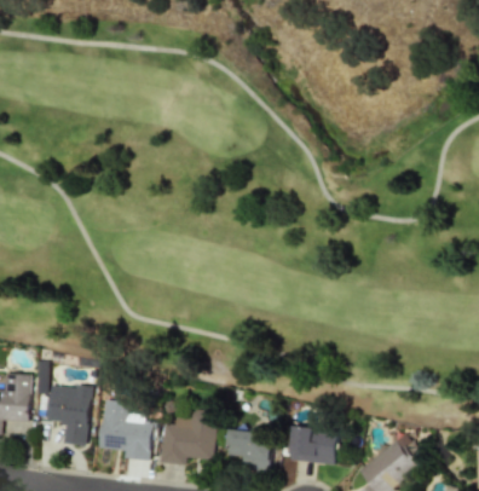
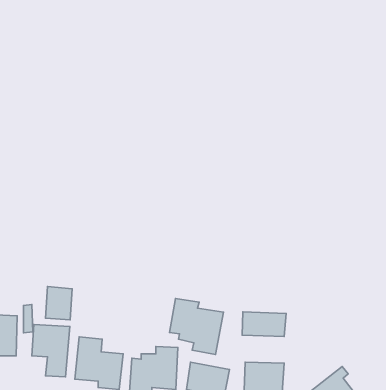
building: none -> [46,287,72,320]
building: none -> [169,299,224,355]
building: none -> [242,312,286,337]

